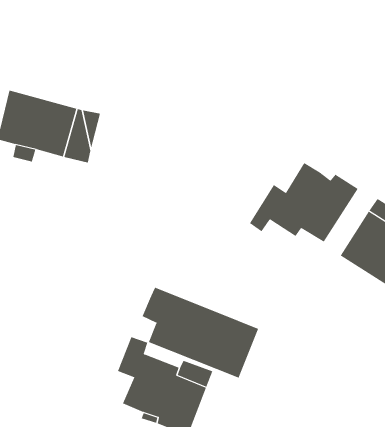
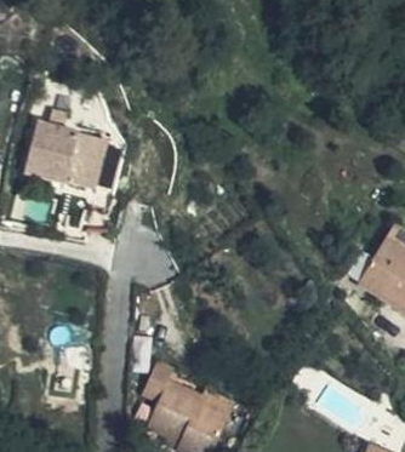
building: [249,162,359,243] -> none
building: [142,287,259,379] -> none

